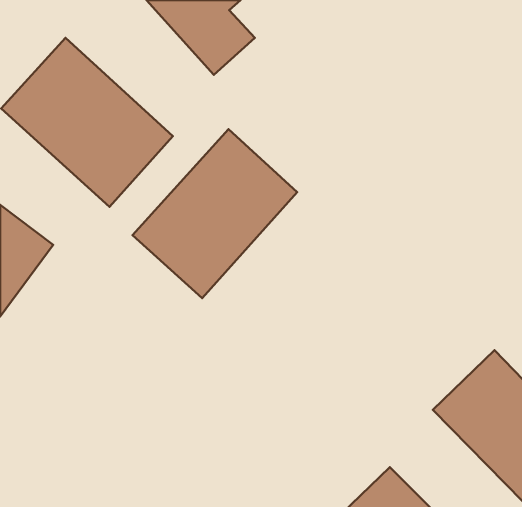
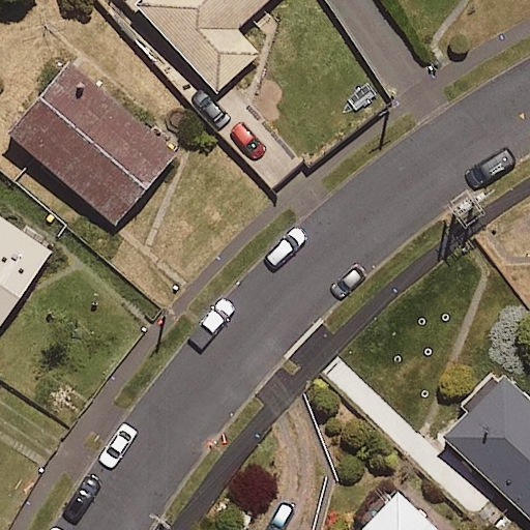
building: [132,129,297,298] -> none

